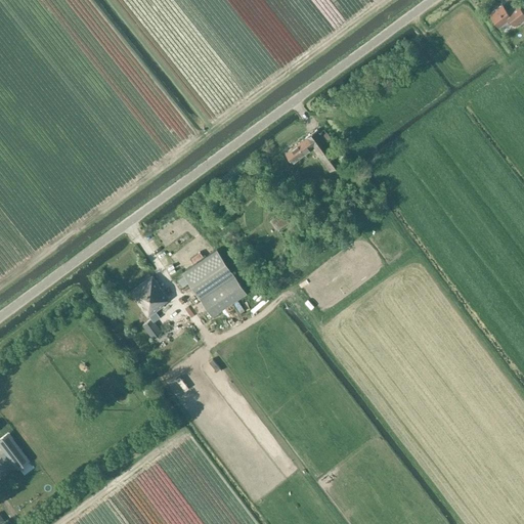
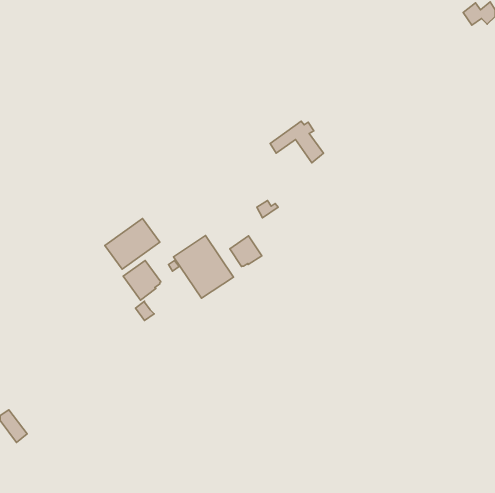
building: none -> [105,219,160,269]
building: none -> [230,236,262,267]

